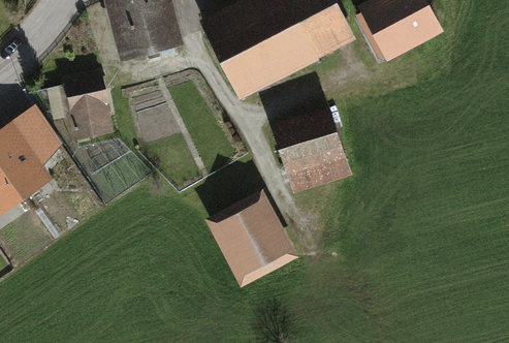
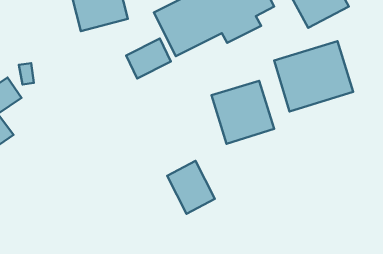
building: none -> [126,38,171,78]
building: none -> [274,41,353,111]
building: [65,79,109,138] -> none

